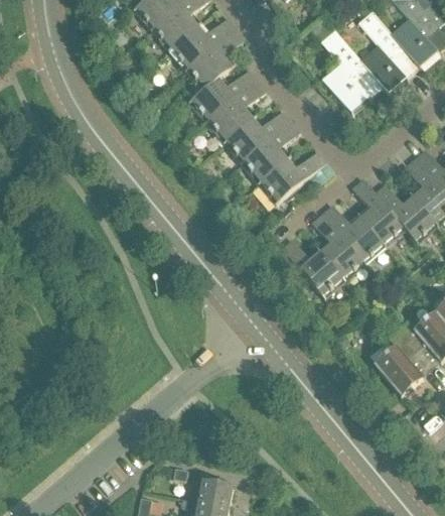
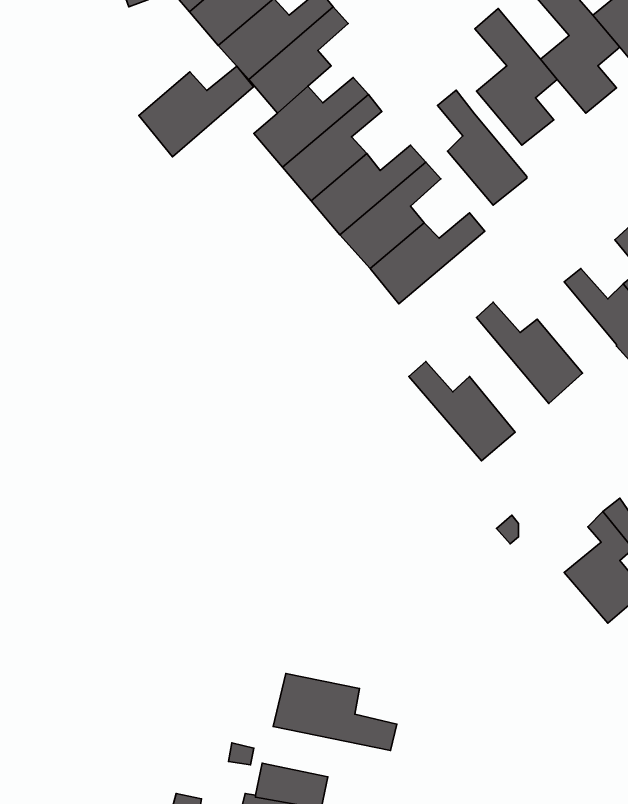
building: none -> [139,66,254,157]
building: [351,176,405,245] -> [438,90,527,205]
building: [311,212,364,280] -> none
building: none -> [273,673,397,750]

